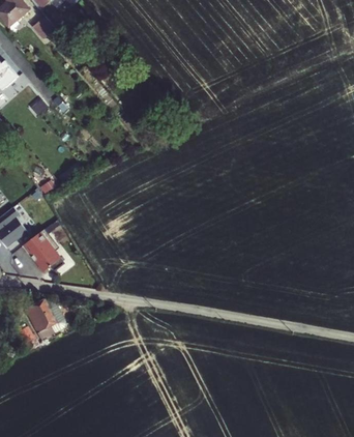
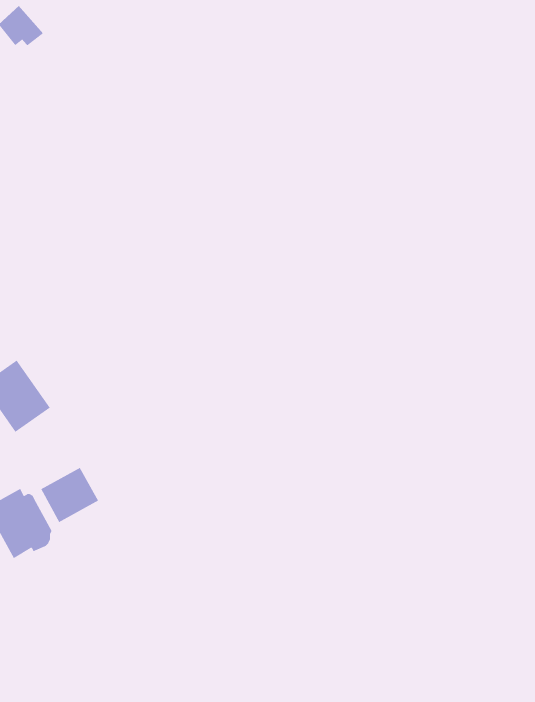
building: none -> [40,467,99,523]

